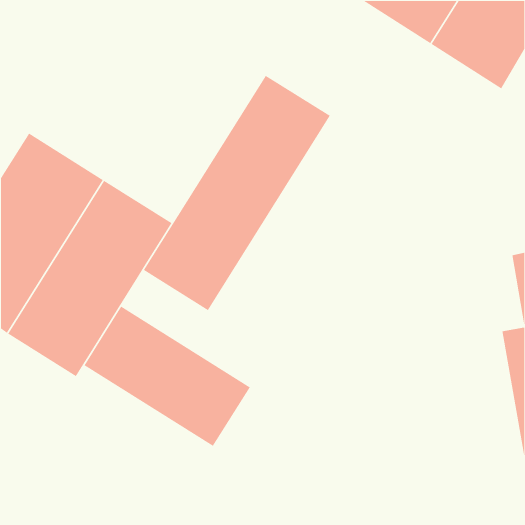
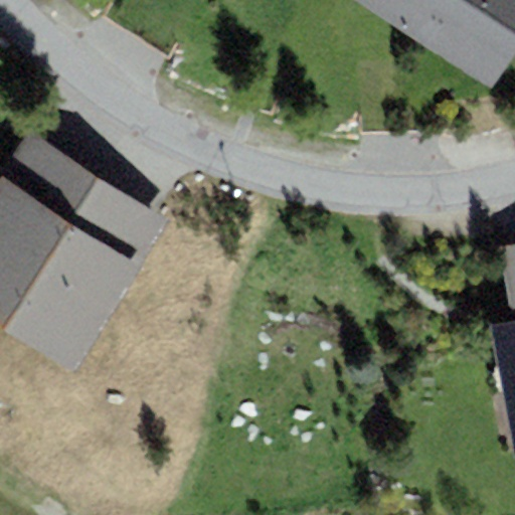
building: [143,75,331,311] -> none
building: [83,306,251,447] -> none

